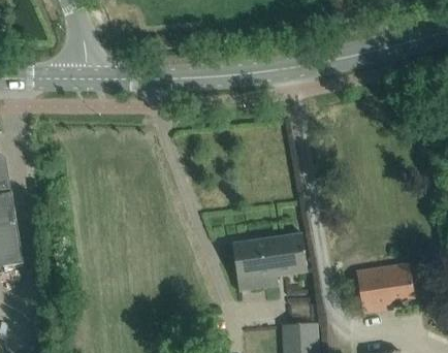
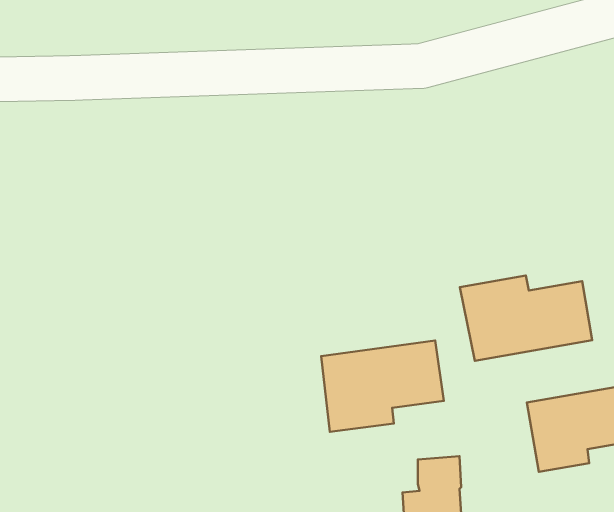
building: none -> [460,276,592,361]

